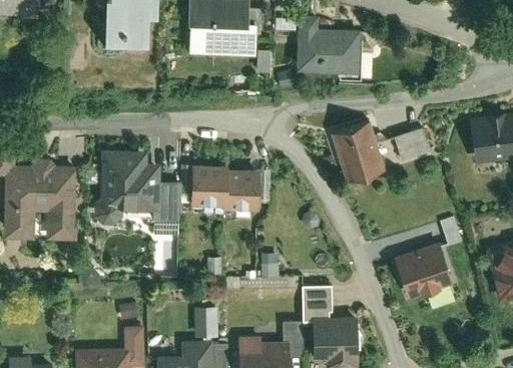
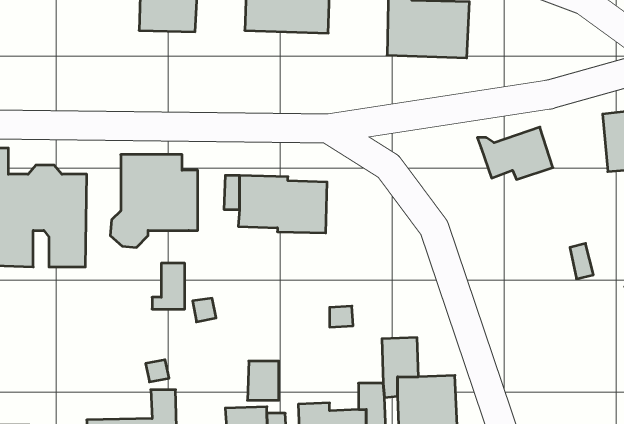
building: [330,119,385,179] -> none
building: [152,180,177,216] -> [152,263,185,309]
building: [396,243,447,294] -> none

